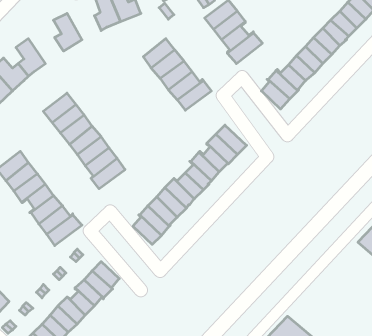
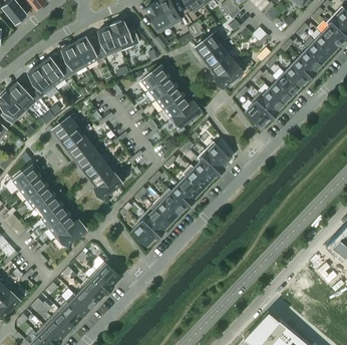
building: none -> [73,38,103,67]
building: none -> [39,58,70,88]

